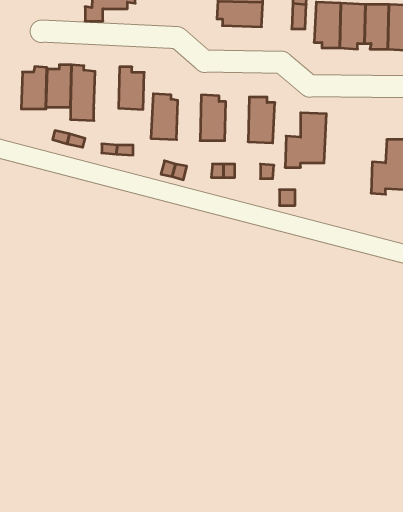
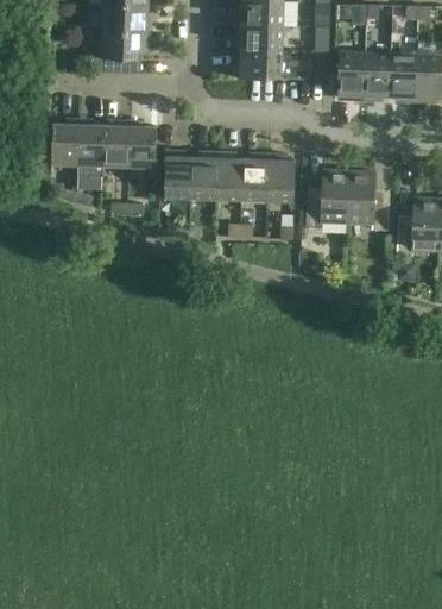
building: [21,67,47,109] -> [102,119,130,164]
building: none -> [190,150,216,199]
building: none -> [241,151,267,200]
building: none -> [347,170,389,230]

